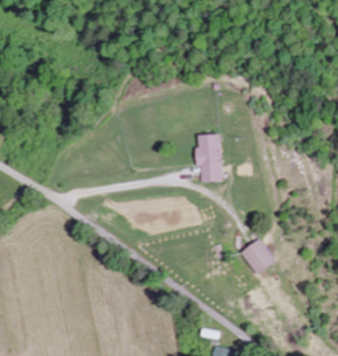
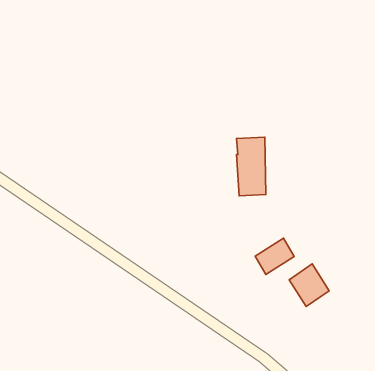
building: none -> [255,238,294,275]

